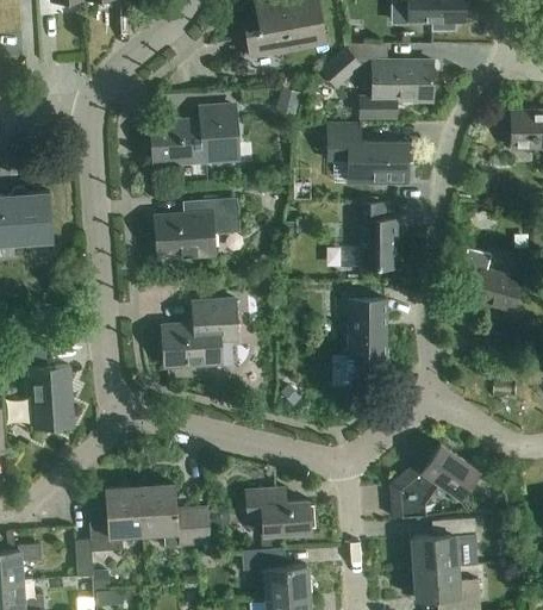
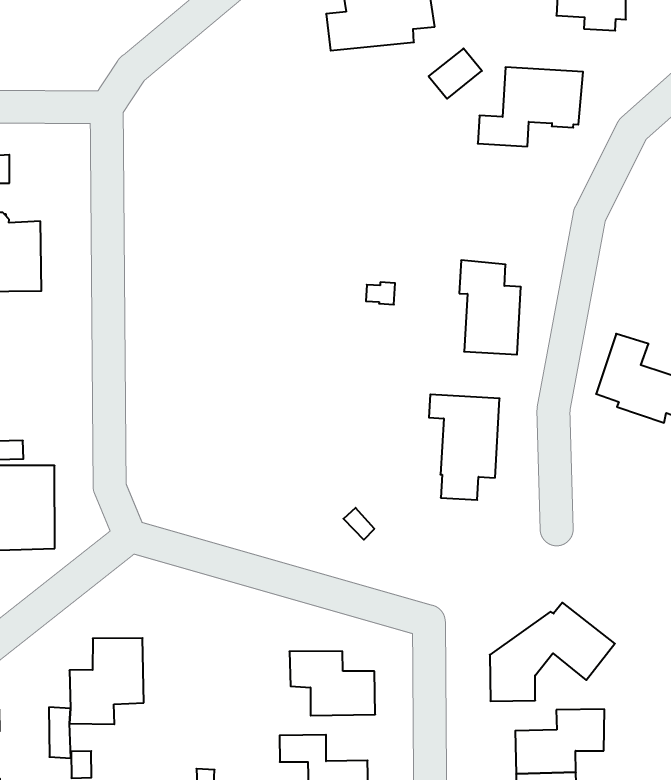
building: [151,106,237,164] -> none
building: [326,125,406,183] -> none
building: [157,199,238,259] -> none
building: [164,299,237,367] -> none
building: [139,485,210,547] -> none

